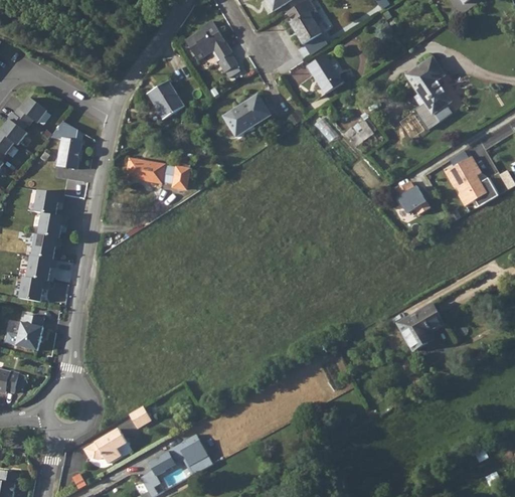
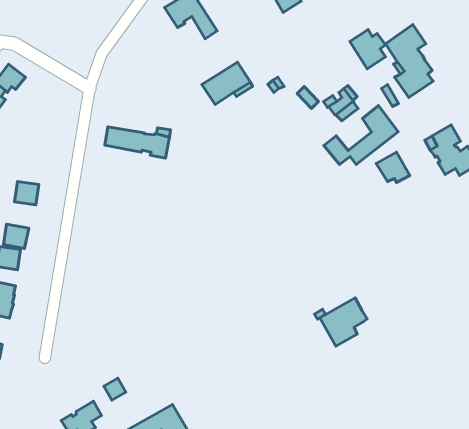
building: [308,54,343,94] -> [350,29,385,69]
building: [149,80,185,118] -> none
building: [51,121,82,168] -> none
building: none -> [324,105,398,165]
building: [33,190,57,213] -> none
building: [31,233,55,257] -> none
building: [397,302,445,350] -> [320,298,367,346]

